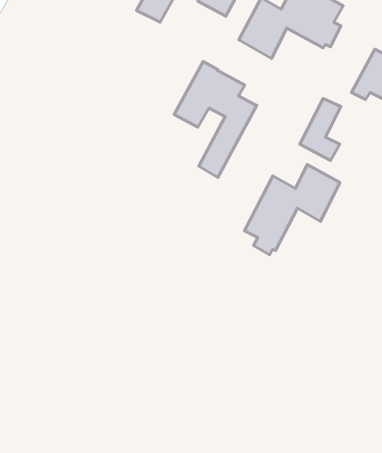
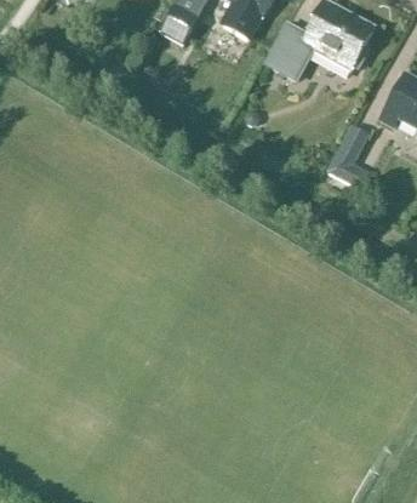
building: [174,62,257,177] -> none
building: [244,165,340,255] -> none

